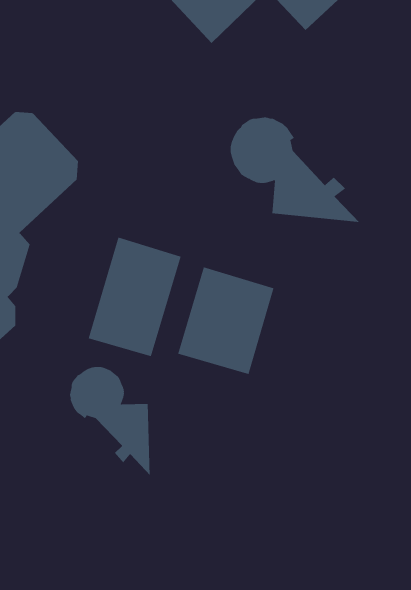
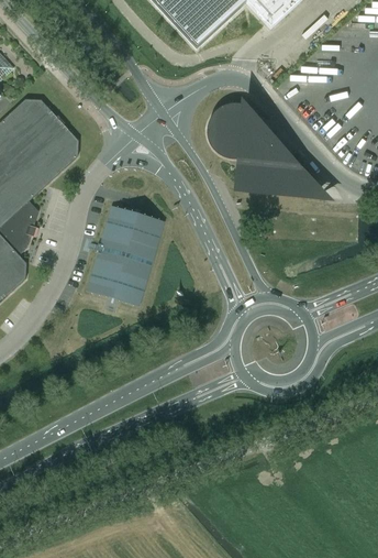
building: [178,267,274,375] -> none
building: [69,366,150,476] -> none

